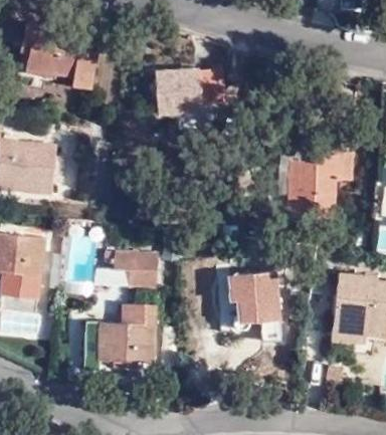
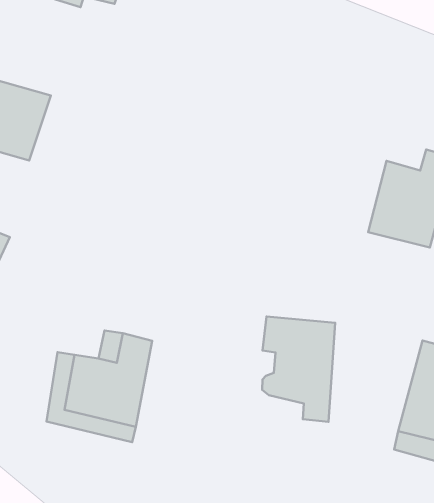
building: [162,73,220,121] -> none
building: [102,243,152,284] -> none

